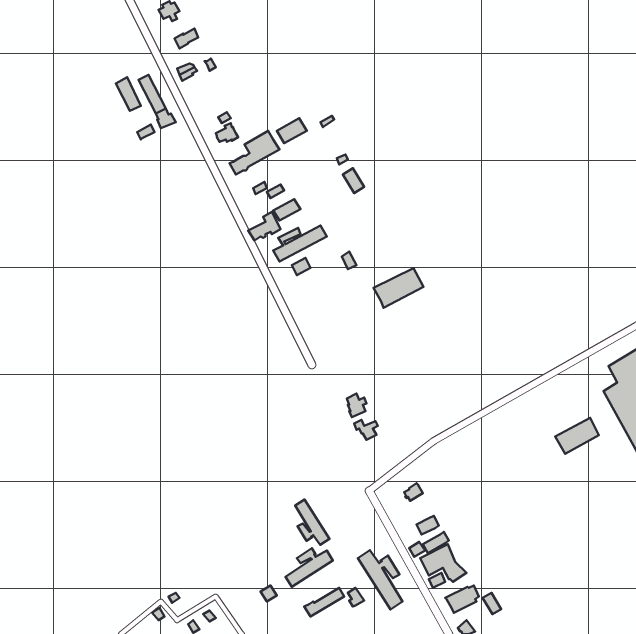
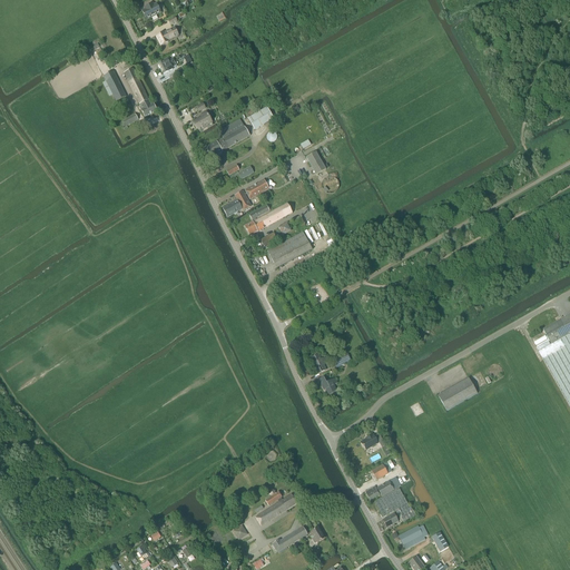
building: [374,268,423,308] -> [268,230,313,266]
building: [555,418,599,454] -> [439,376,478,409]
building: [295,500,330,545] -> none
building: [358,550,403,609] -> none

